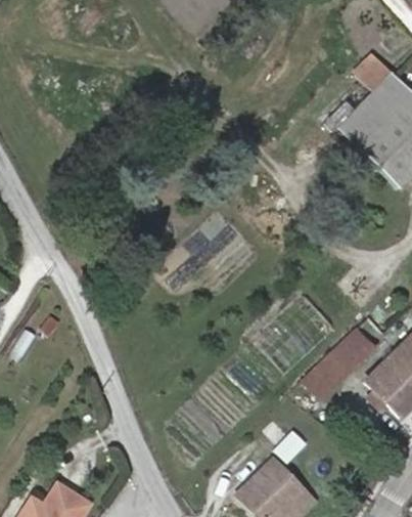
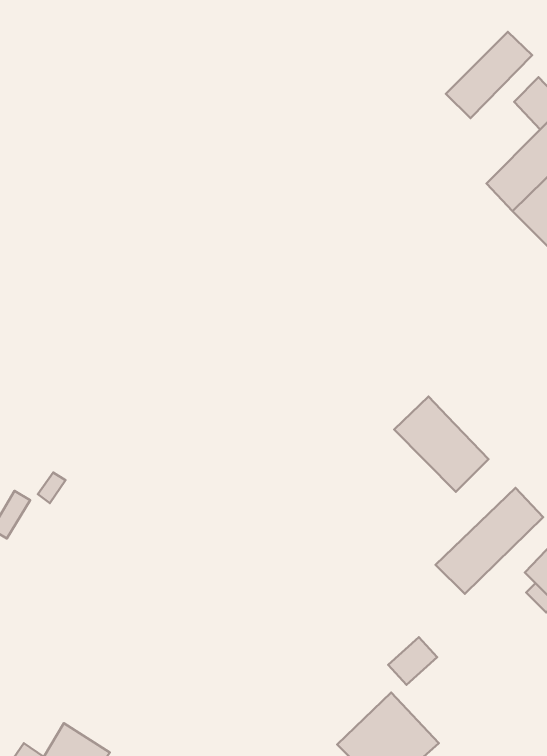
building: none -> [446,32,532,118]
building: none -> [394,397,488,492]

